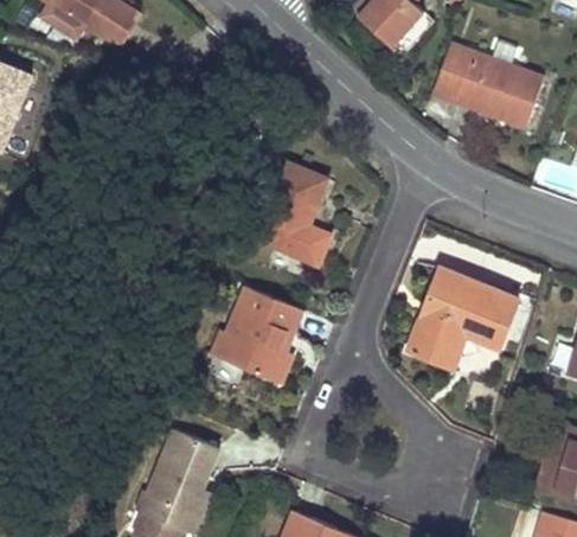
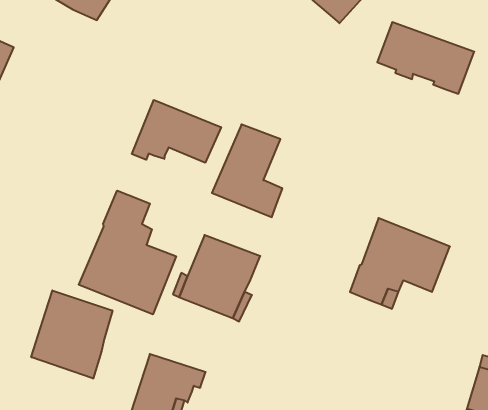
building: none -> [132,100,221,163]
building: none -> [79,191,176,314]
building: none -> [31,290,112,379]

